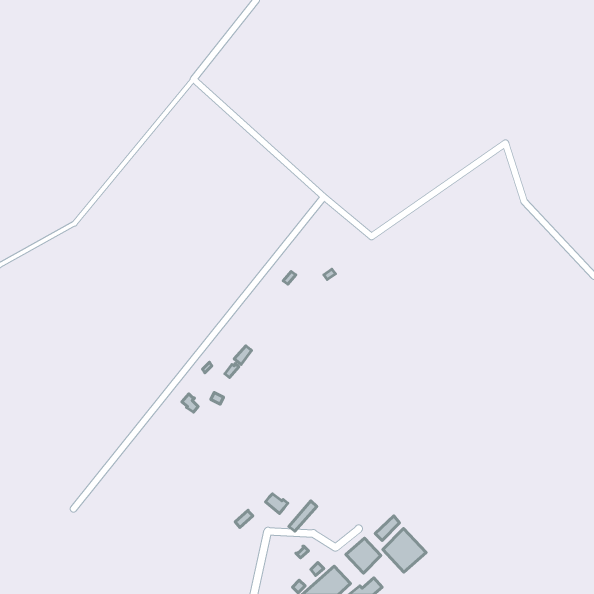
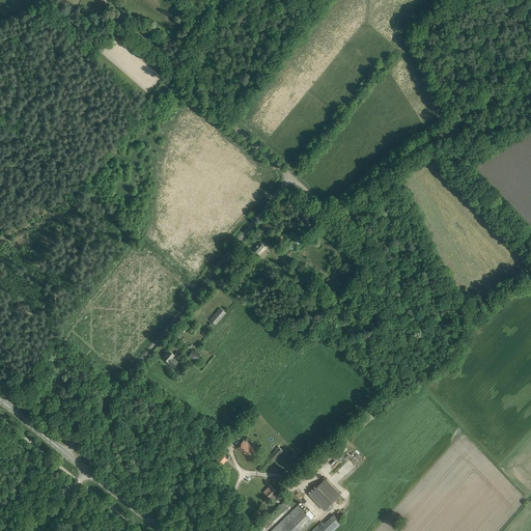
building: [383,528,426,572] -> none

